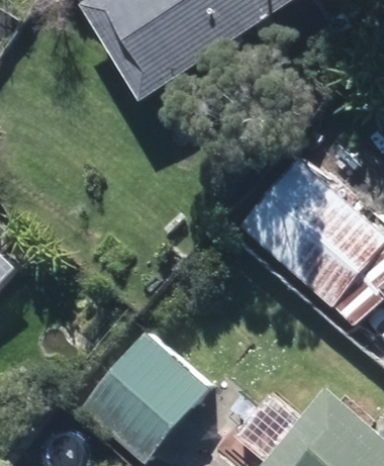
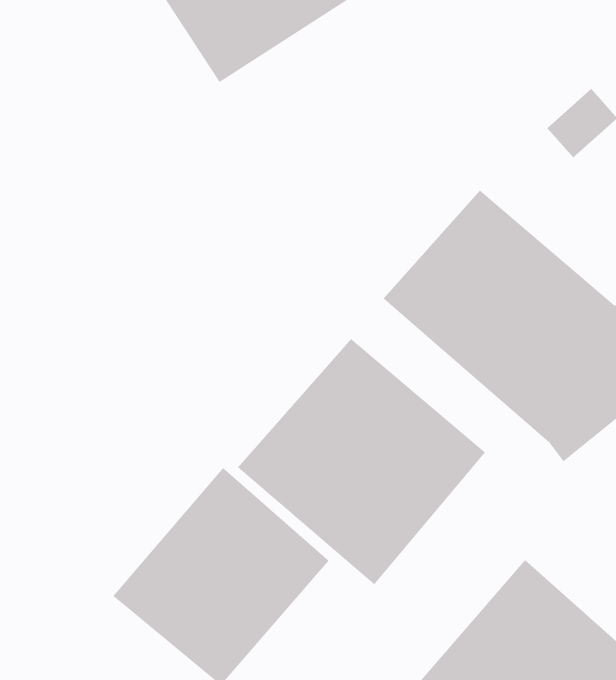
building: none -> [237,338,486,585]

